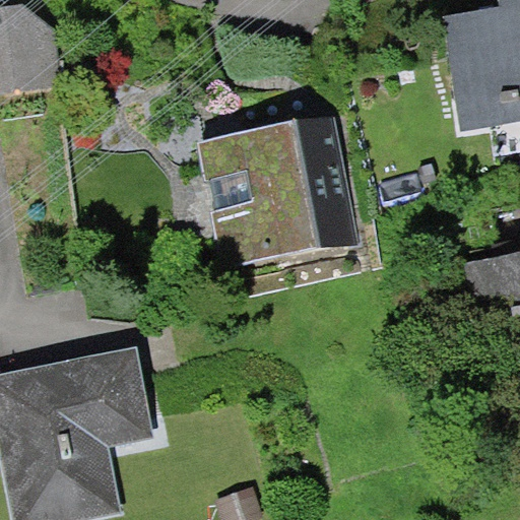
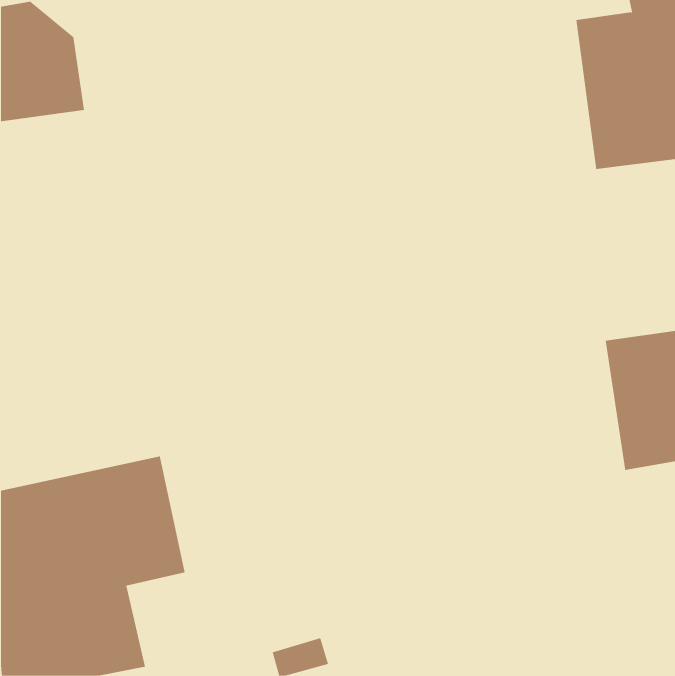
building: [189,112,366,266] -> none

